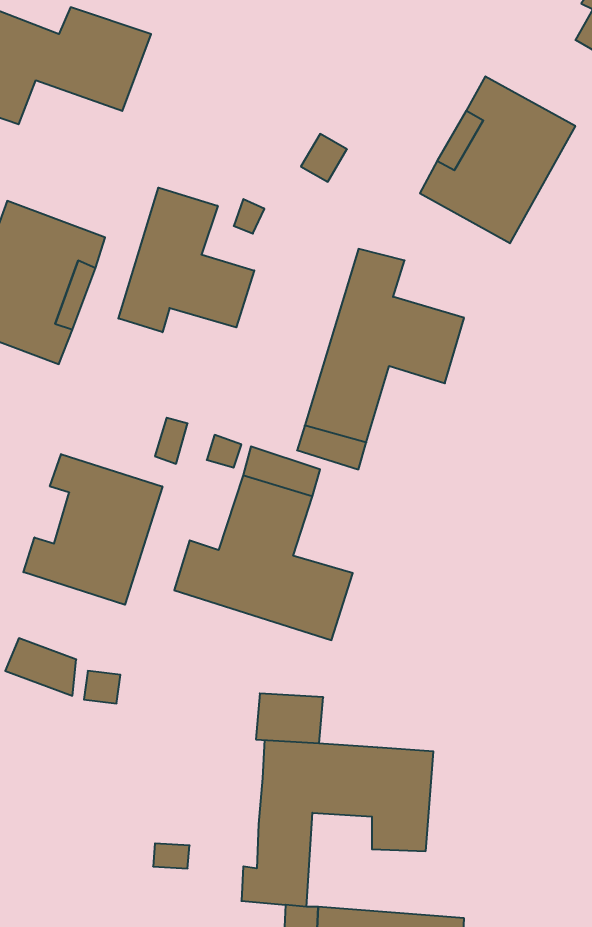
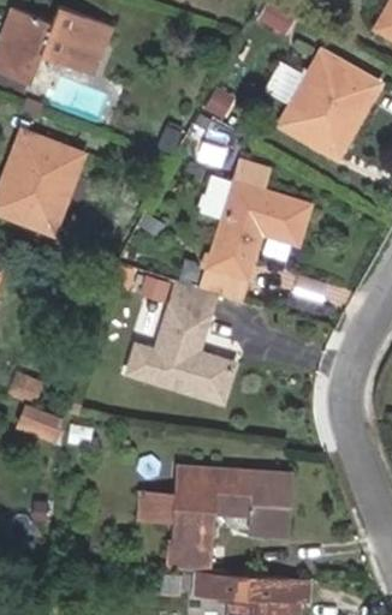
building: [118,188,254,332] -> none
building: [23,454,162,605] -> none
building: [256,693,323,743] -> [138,489,180,520]

